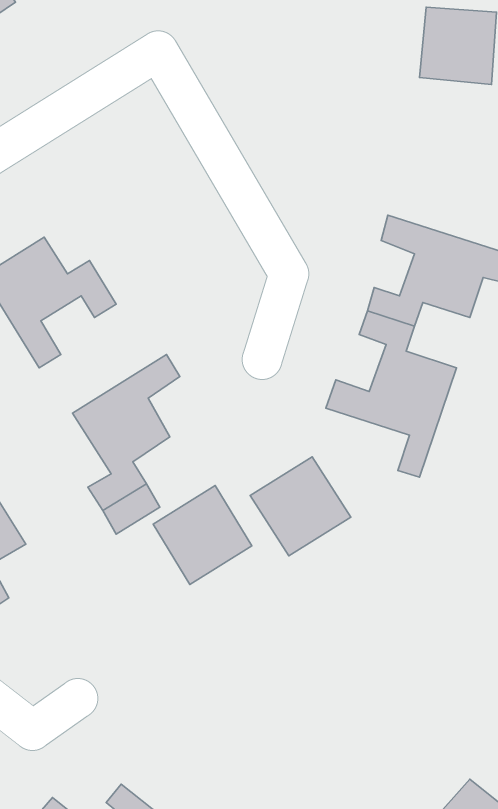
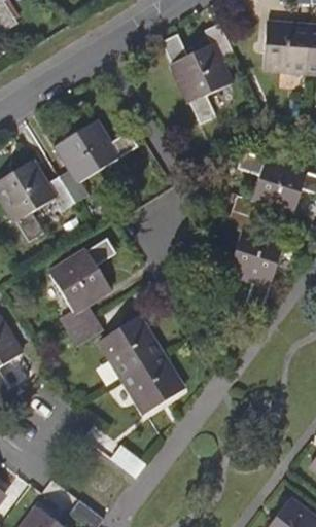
building: none -> [165,23,235,126]
building: none -> [58,103,139,204]
building: [250,457,351,556] -> [121,352,183,413]

